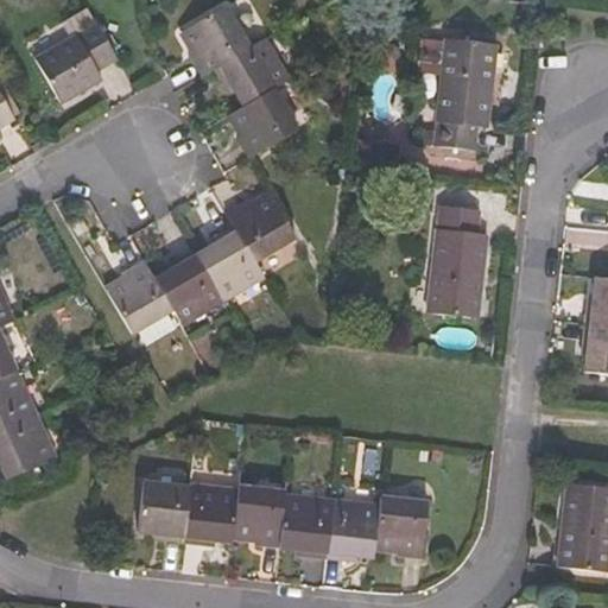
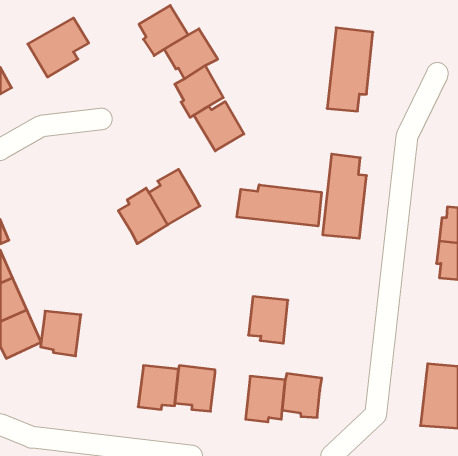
building: [229,195,296,260] -> [194,102,244,151]
building: none -> [237,185,321,226]
building: [108,260,175,332] -> none
building: [137,480,190,539] -> [41,311,81,356]
building: [279,494,331,556] -> [248,297,288,343]

